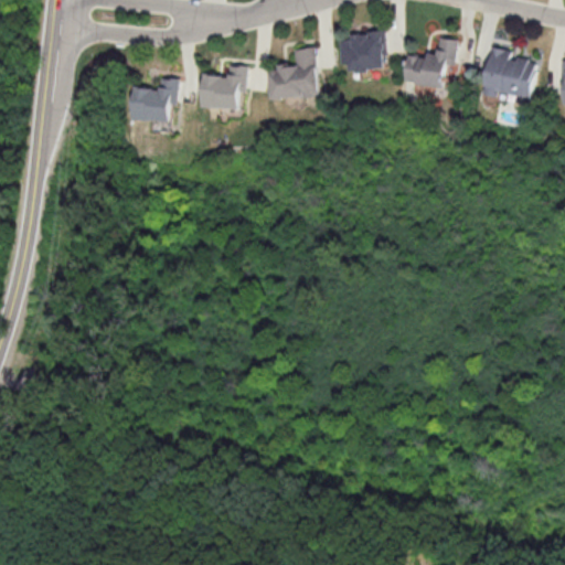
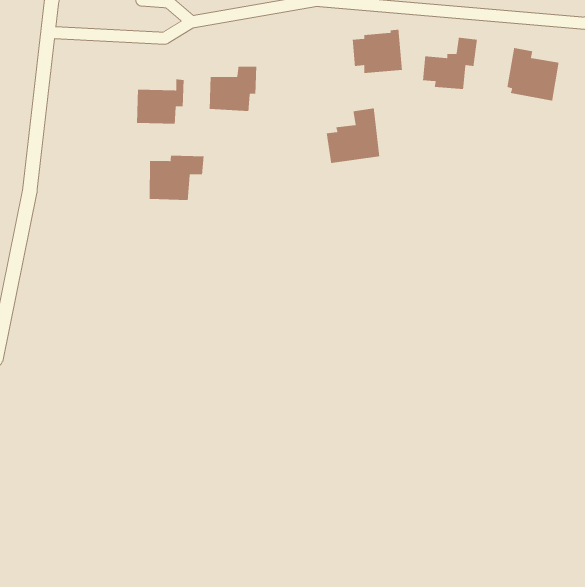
building: [266,46,318,100] -> [326,107,380,164]
building: none -> [149,155,204,201]

